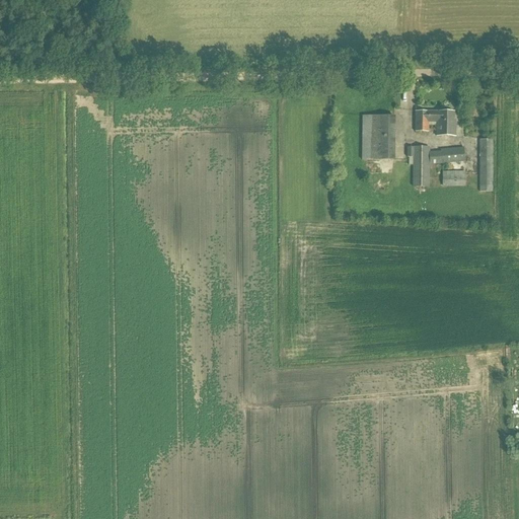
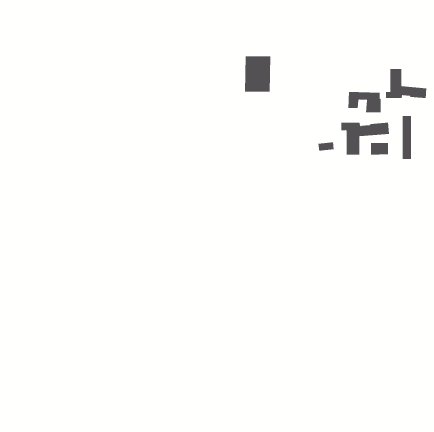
building: none -> [386,68,427,99]
building: [362,115,394,158] -> [244,56,271,92]

